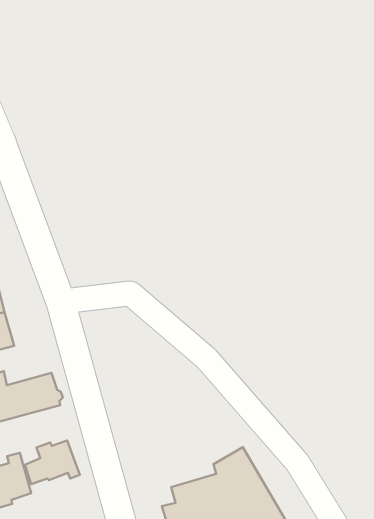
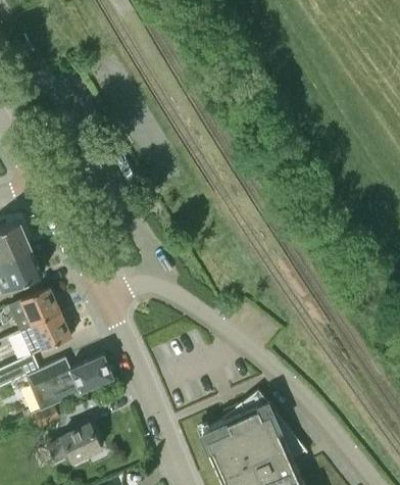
building: [25,441,80,484] -> none

